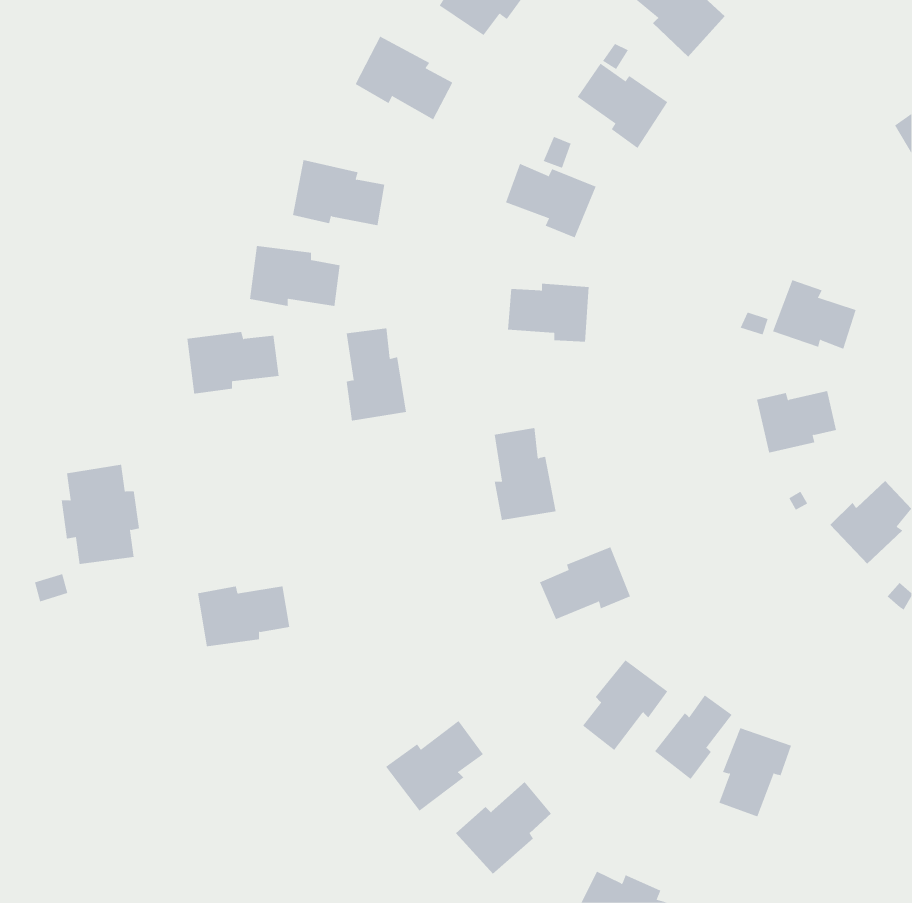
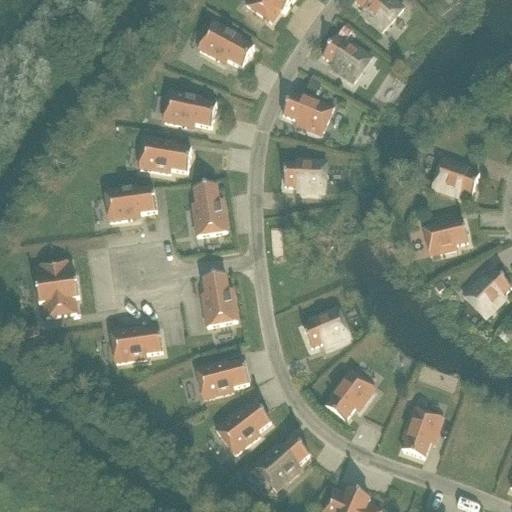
building: [494,427,557,521] -> [202,273,237,325]
building: none -> [195,360,248,398]
building: [654,695,732,780] -> none

